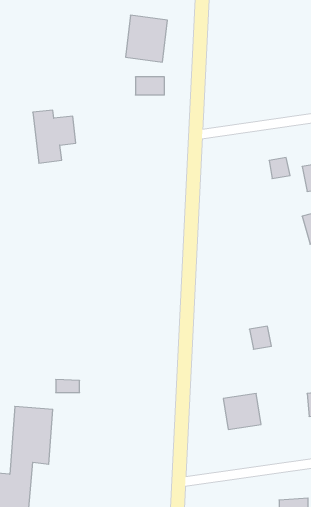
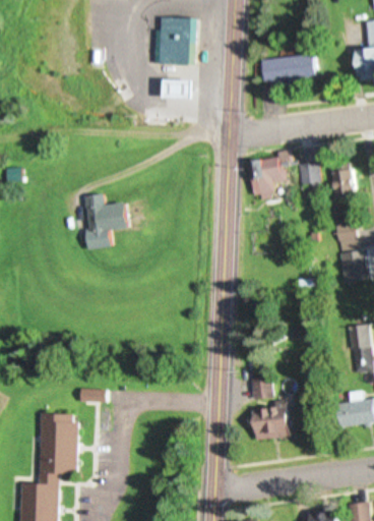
building: none -> [262,54,317,83]
building: [33,110,76,163] -> [83,194,127,248]
building: none -> [248,152,295,200]
building: [249,326,271,349] -> [252,375,274,399]

